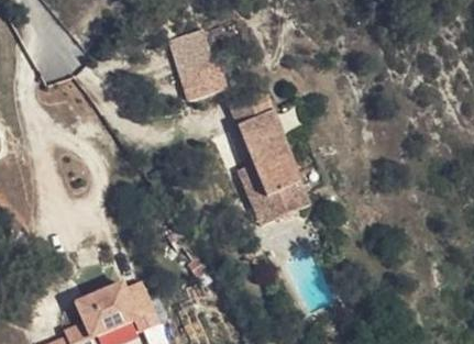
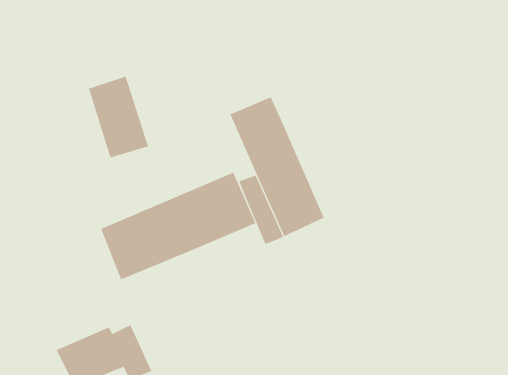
building: [169,31,222,102] -> [88,76,149,158]
building: none -> [100,172,256,280]

